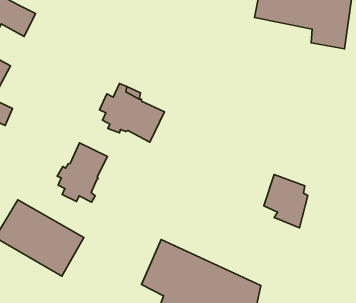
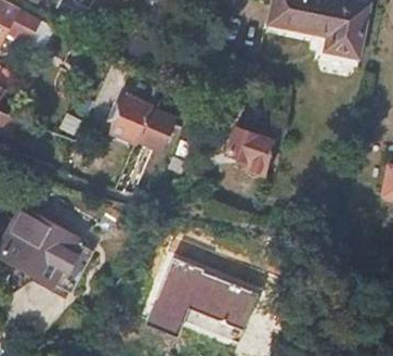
building: [57,143,108,202] -> none
building: [264,174,308,228] -> [228,122,274,177]

